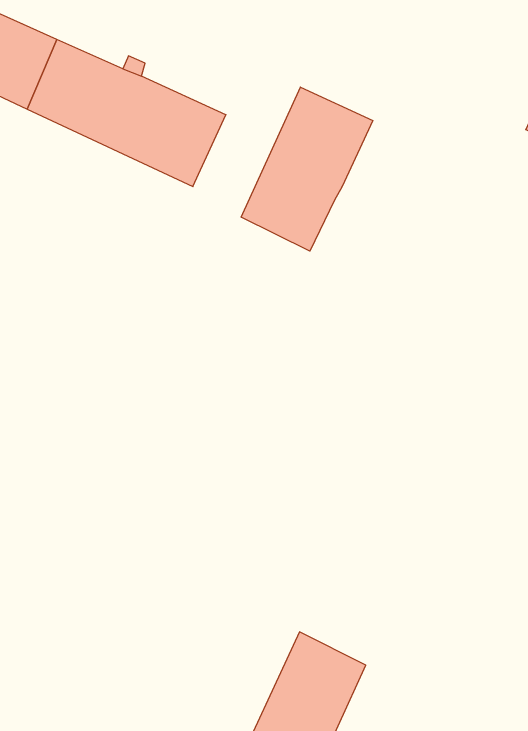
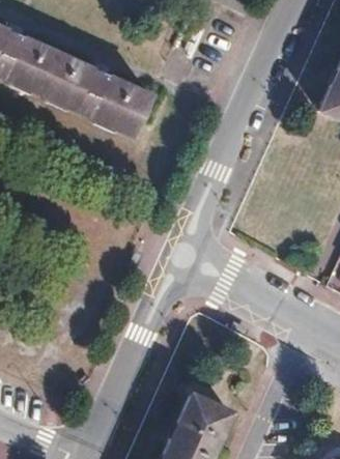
building: [241,87,373,251] -> none

